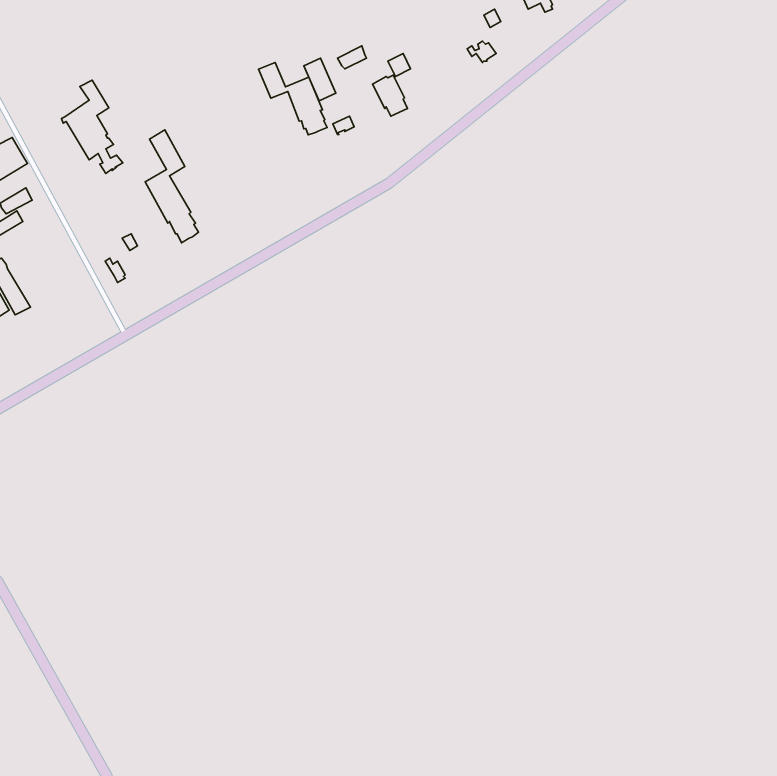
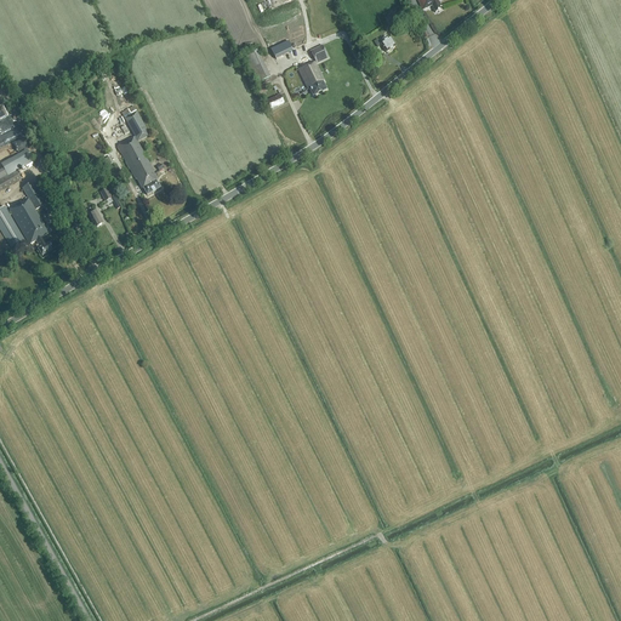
building: [258,62,327,135] -> none
building: [62,80,123,173] -> [5,180,53,253]

